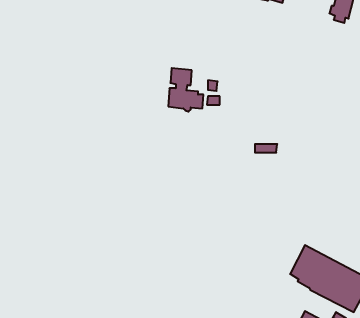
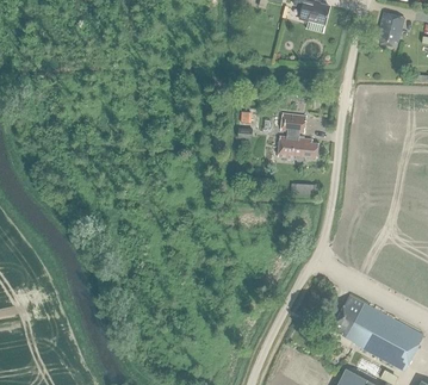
building: [168,68,203,112] -> [279,112,318,161]

